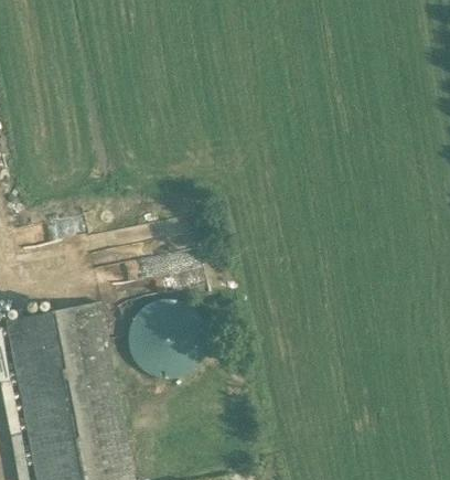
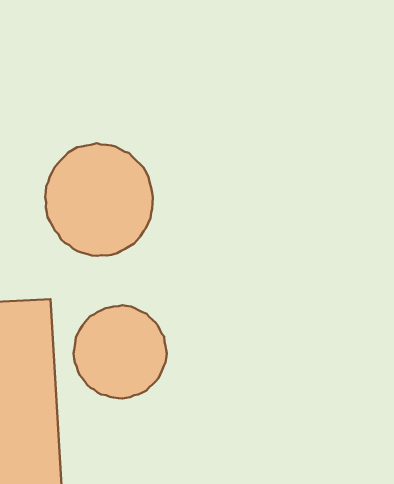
building: none -> [45,143,153,256]

